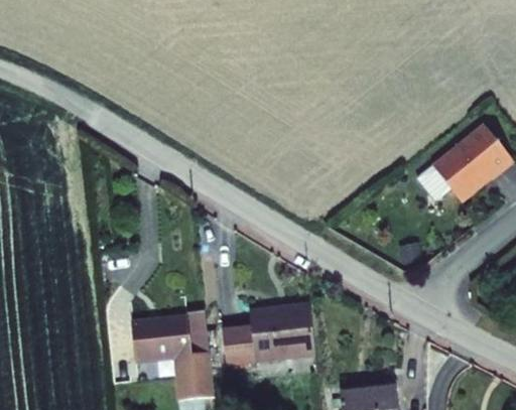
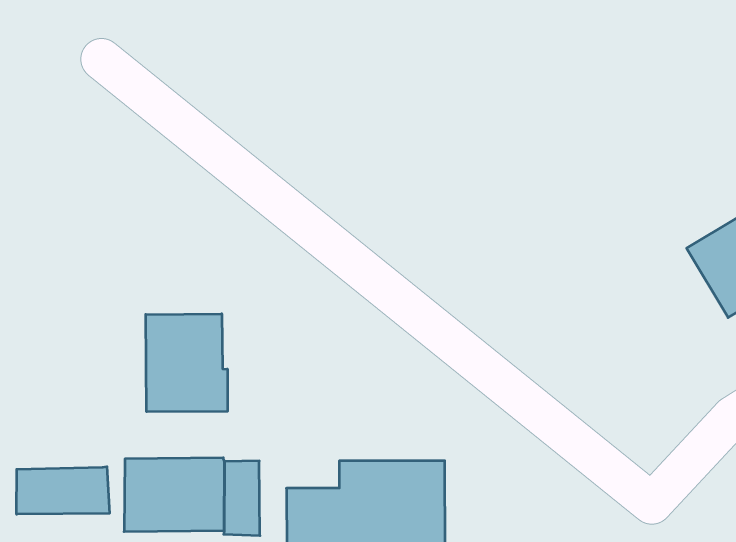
building: none -> [146,314,227,412]
building: none -> [17,467,109,514]

